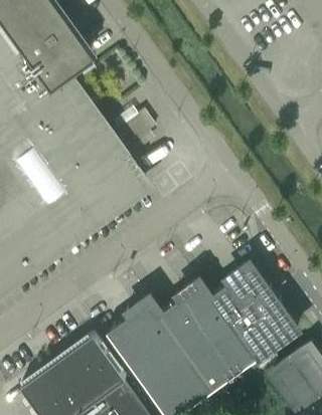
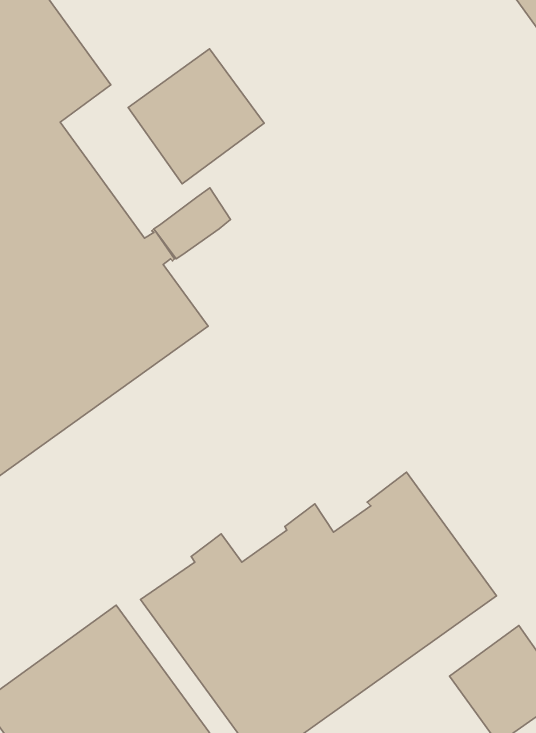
building: none -> [128,49,264,184]

